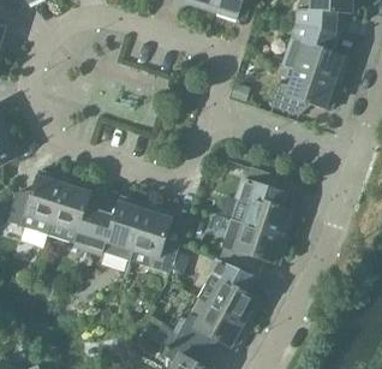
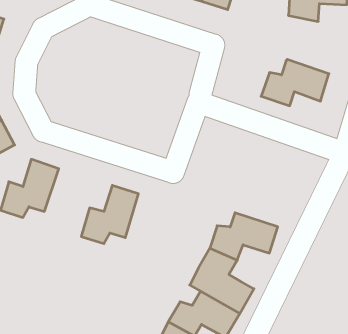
building: [281,24,346,83] -> none
building: [235,178,294,238] -> none
building: [49,179,95,248] -> none
building: [131,204,177,273] -> none

